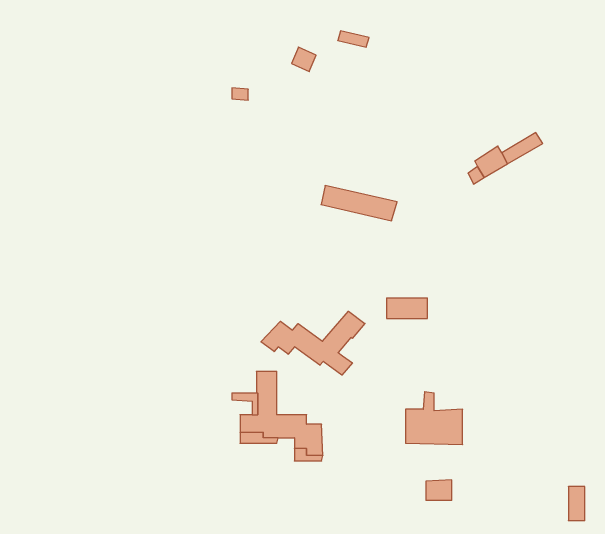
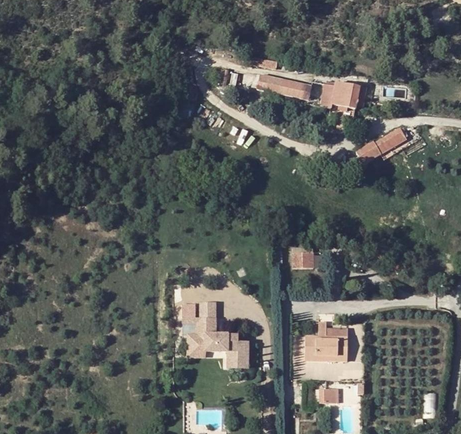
building: none -> [321,81,368,107]
building: [321,186,397,221] -> [257,72,313,98]
building: [261,311,365,375] -> none

